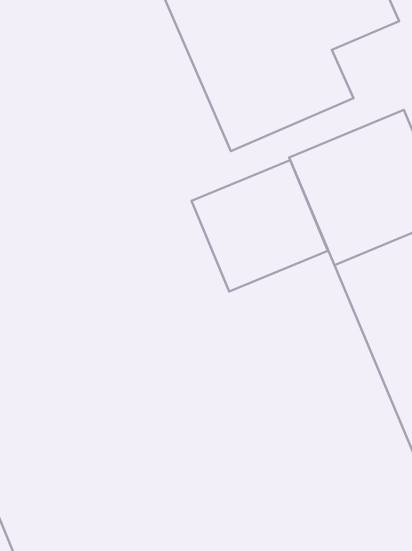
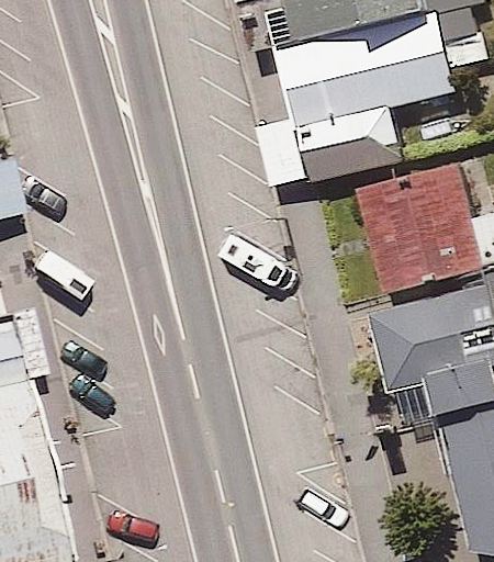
building: [191,160,328,291] -> none

